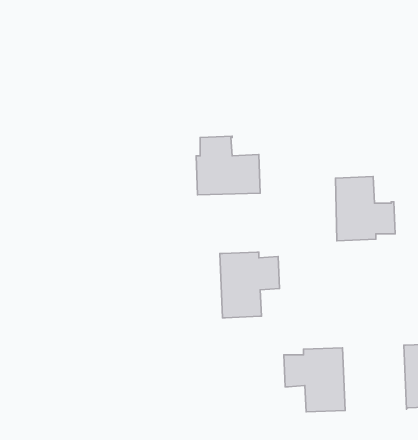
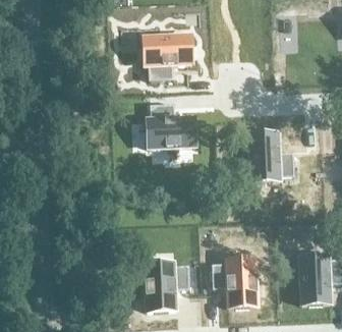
building: none -> [144,35,191,78]
building: [220,252,280,318] -> [145,262,188,310]

